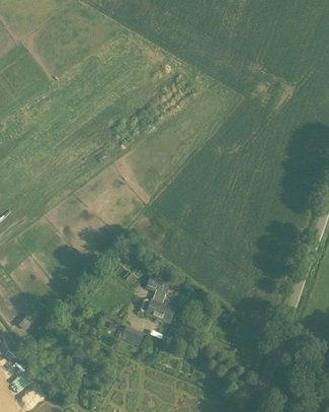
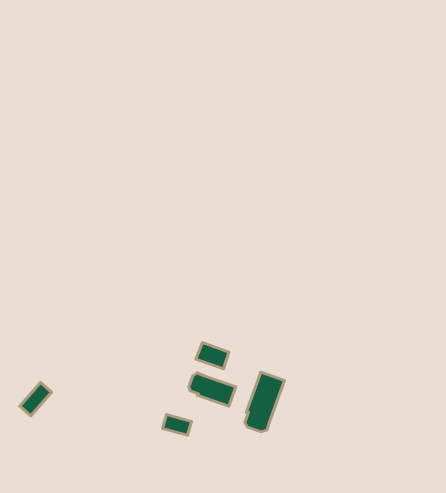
building: none -> [245,372,285,432]

